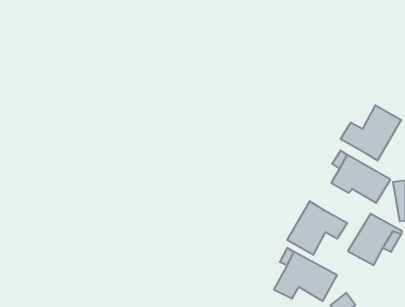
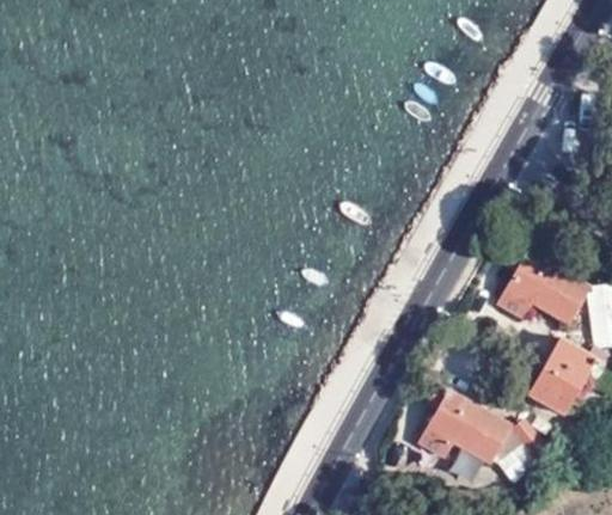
building: [341,105,401,161] -> none
building: [287,201,347,255] -> none

